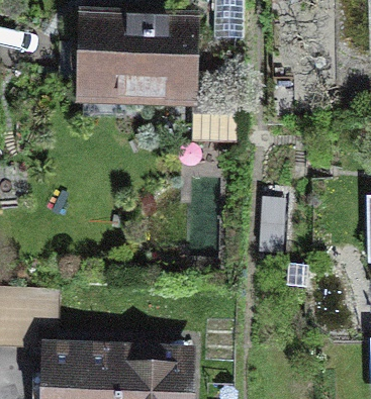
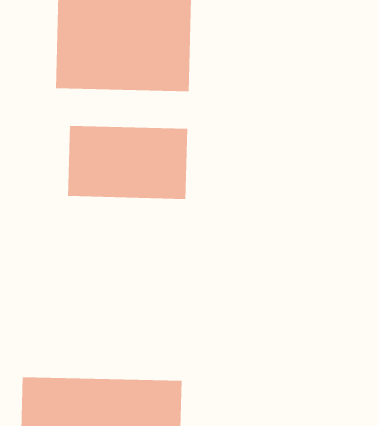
building: none -> [68,125,188,200]

